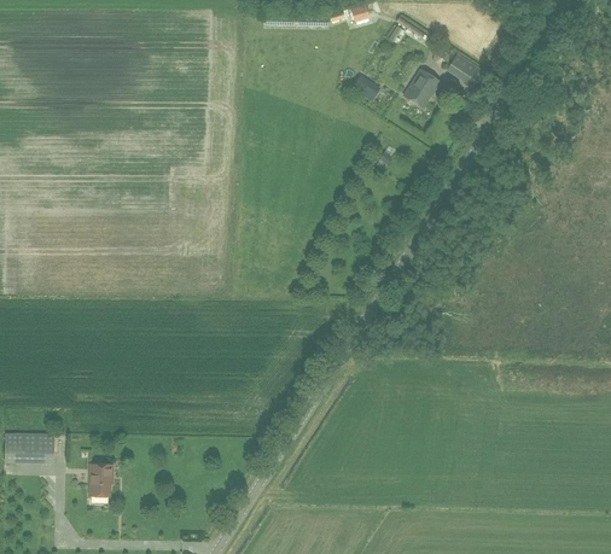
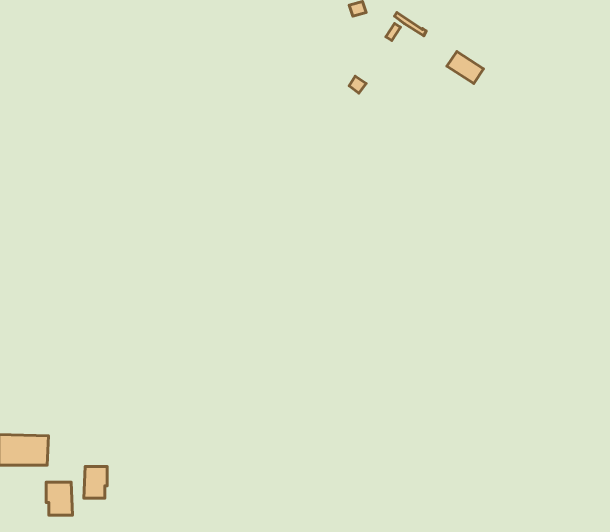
building: [403,69,441,107] -> none
building: none -> [46,482,72,515]

